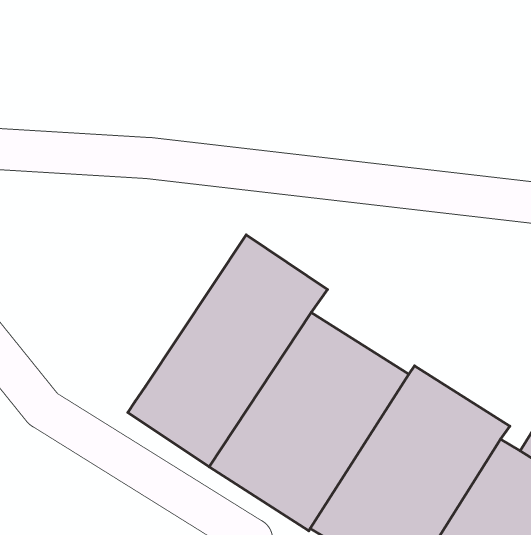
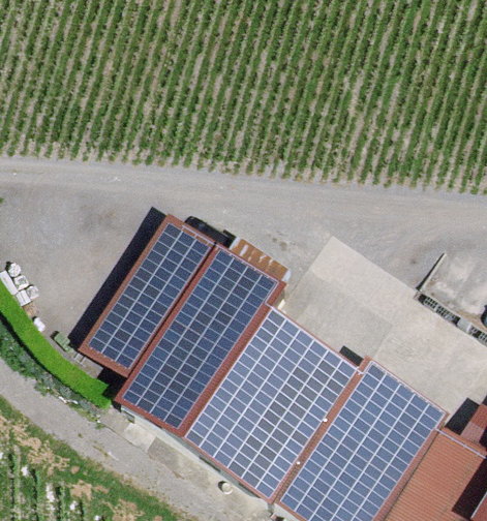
building: none -> [85,216,222,382]

